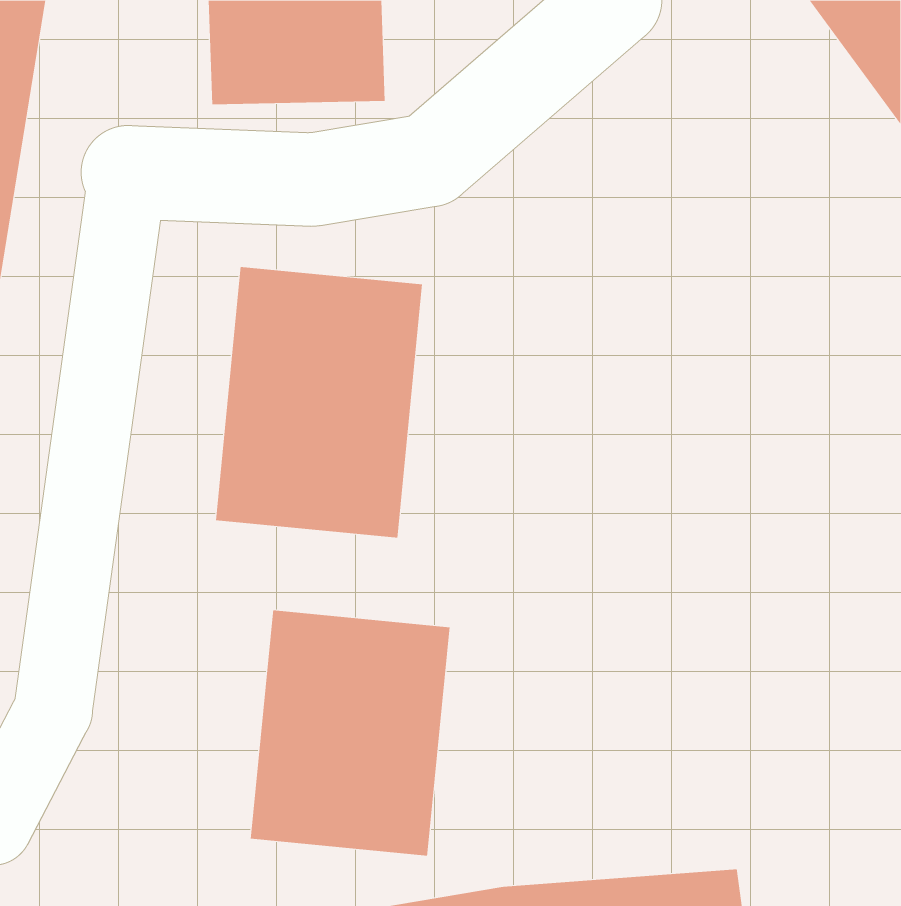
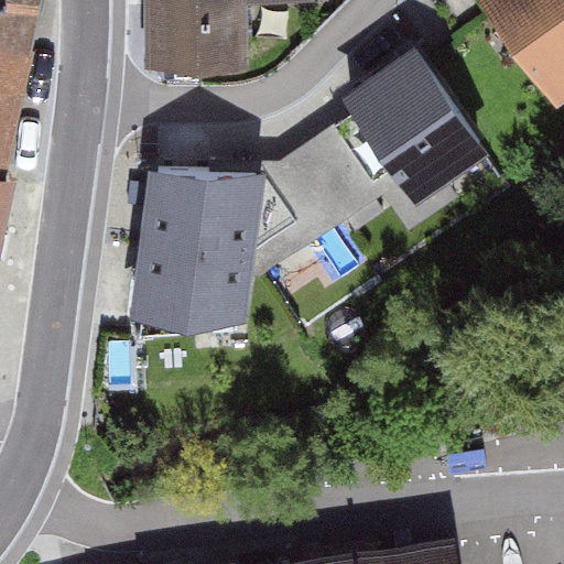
building: none -> [344,55,490,212]
building: [250,609,450,856] -> none

